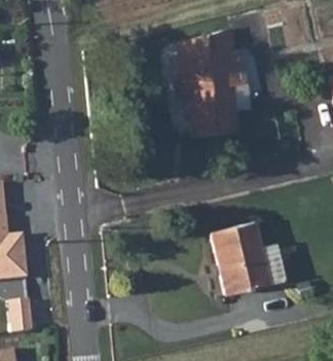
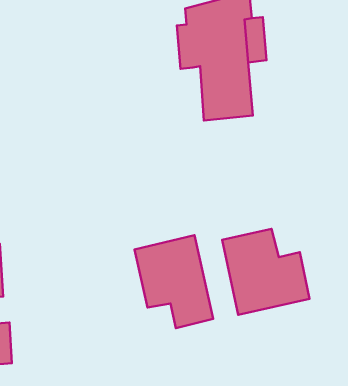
building: none -> [135,235,213,328]

